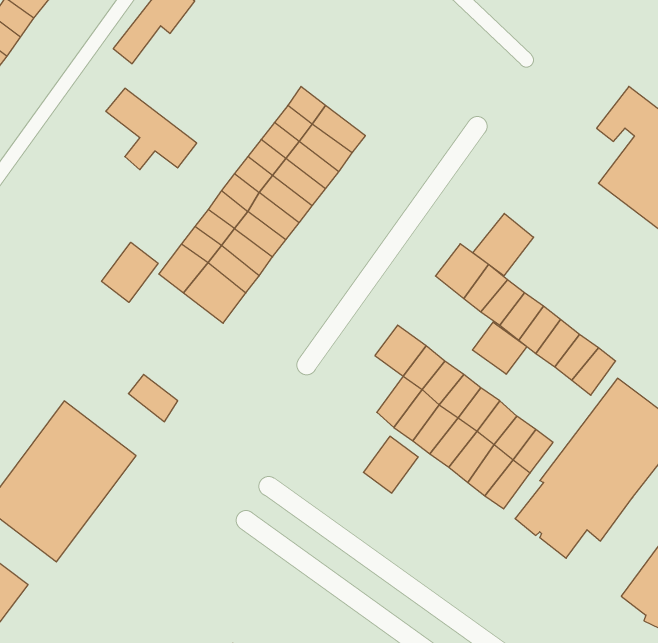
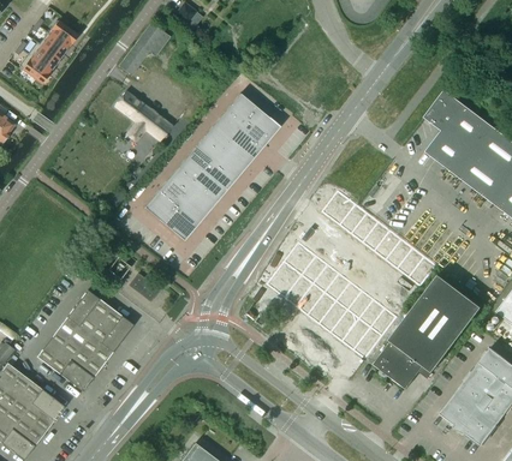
building: [473,213,534,276] -> none
building: [102,242,158,302] -> none
building: [472,322,527,374] -> none
building: [363,436,418,493] -> [267,261,302,297]

